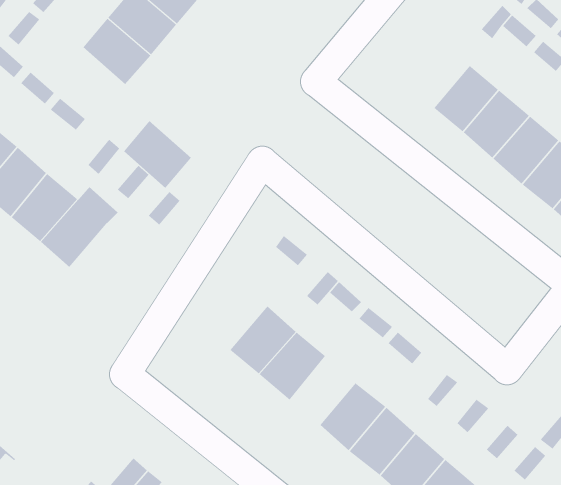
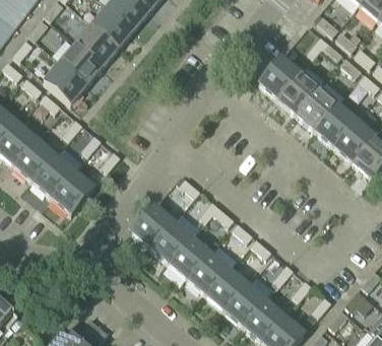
building: none -> [259,54,301,97]
building: [123,120,192,189] -> [44,60,86,102]
building: none -> [52,169,94,213]
building: none -> [132,204,175,248]
building: none -> [189,252,230,294]

